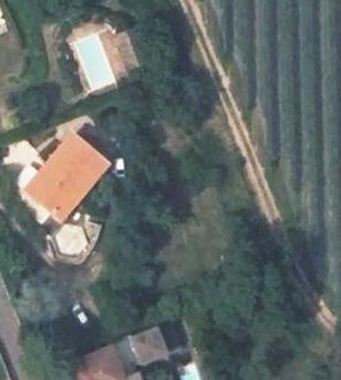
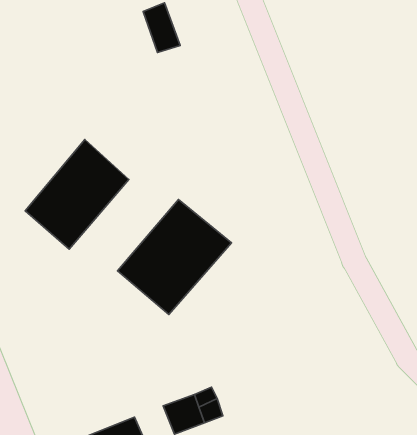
building: none -> [117,199,231,314]

